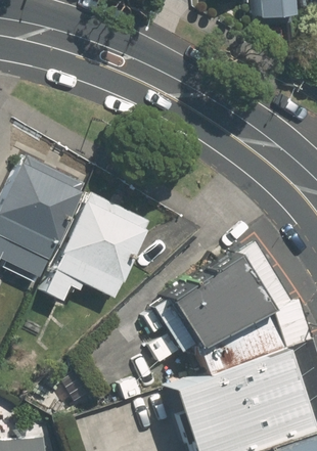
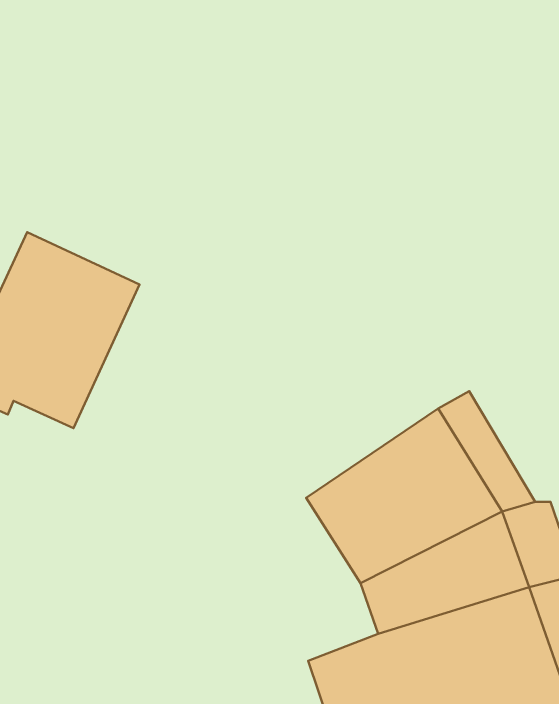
building: [43,194,148,302] -> none

